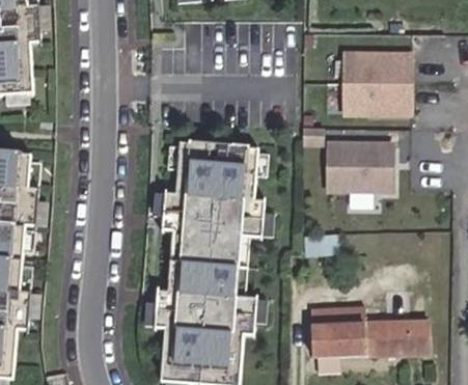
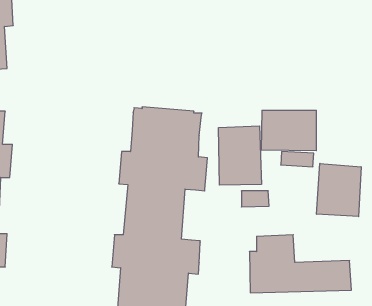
building: [342,55,402,115] -> none
building: none -> [219,126,261,185]
building: none -> [317,163,361,217]

